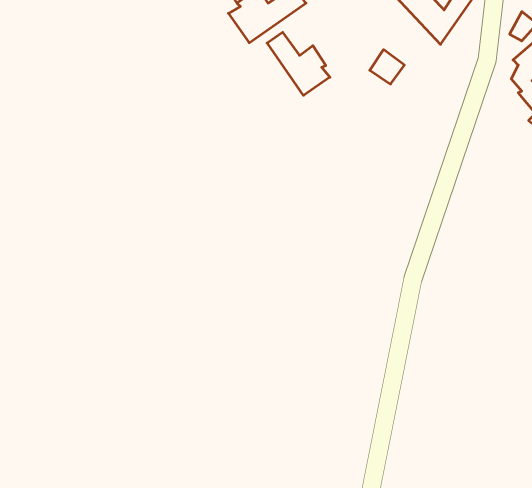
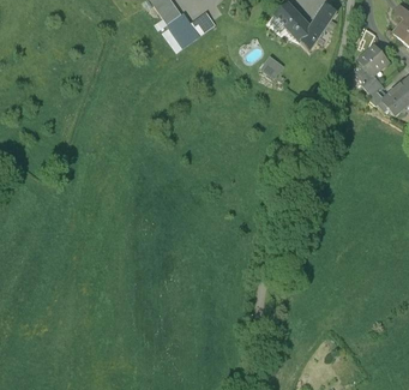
building: [267,32,330,95] -> none

